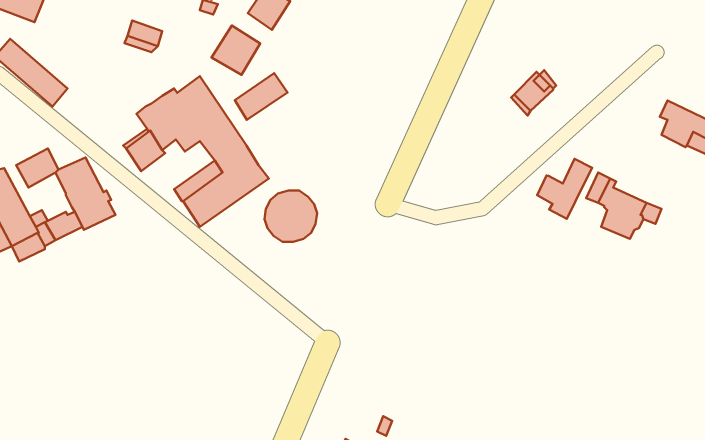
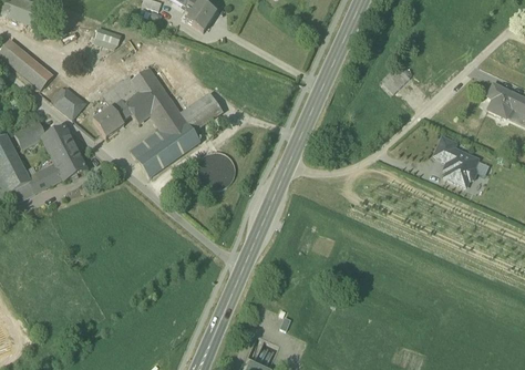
building: [212,25,260,75] -> none
building: [235,73,288,120] -> [184,96,223,131]
building: none -> [53,85,85,117]
building: [537,159,592,219] -> none

